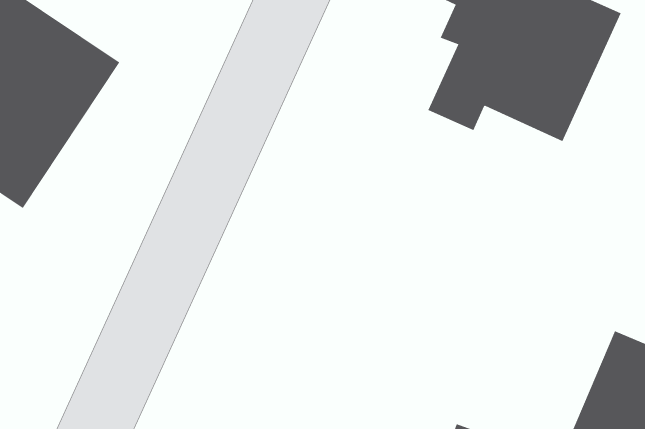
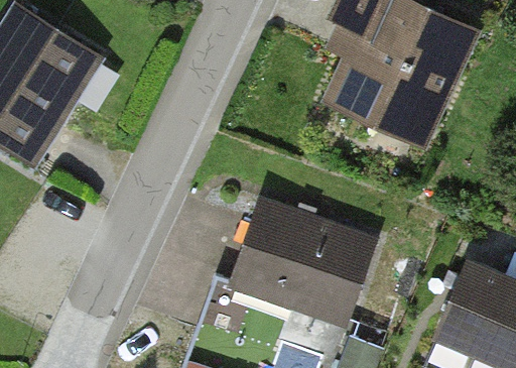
building: none -> [230,202,372,327]

